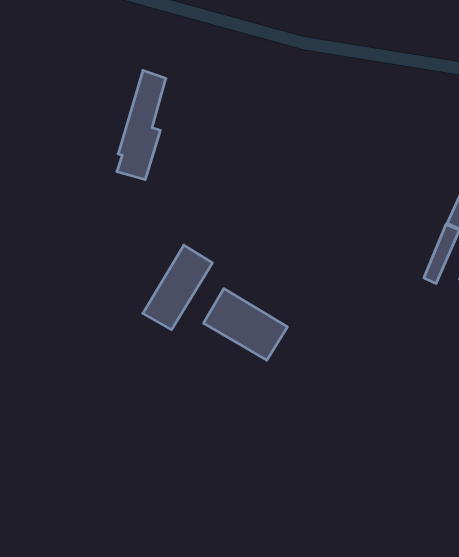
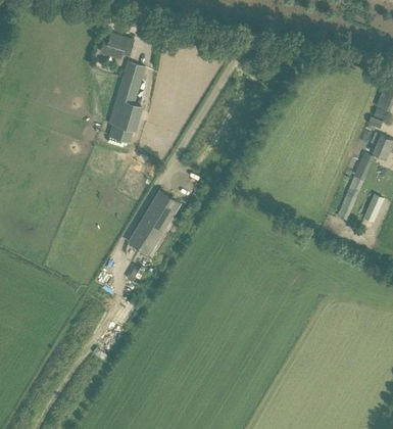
building: none -> [100,34,133,58]
building: [204,289,287,360] -> none

